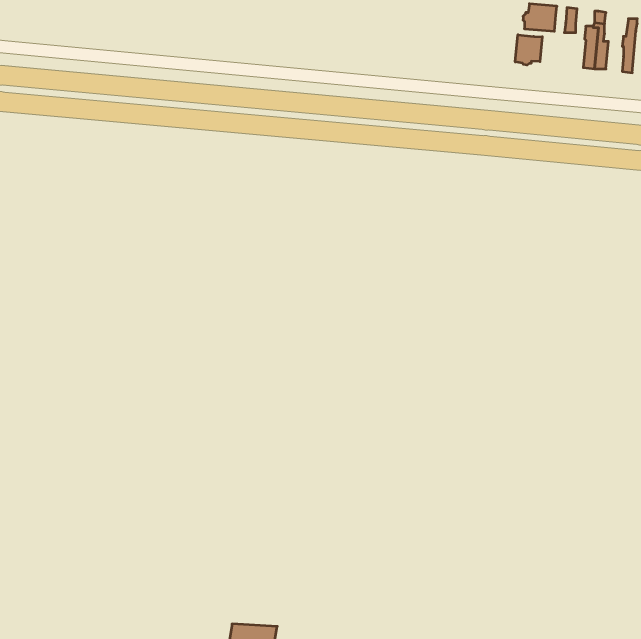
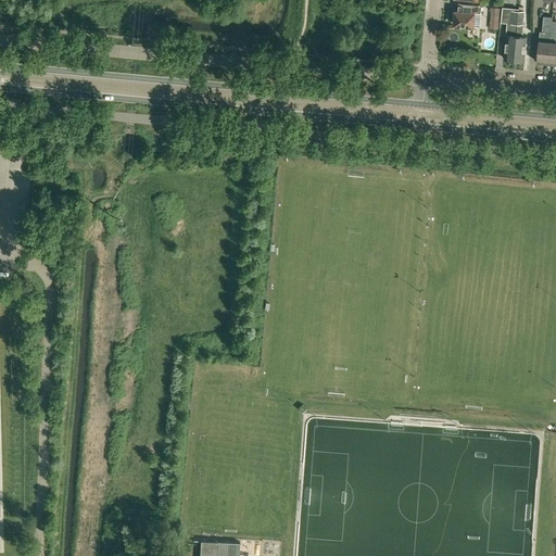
building: [515,35,542,65] -> none

